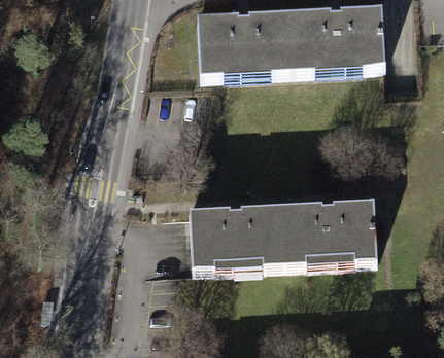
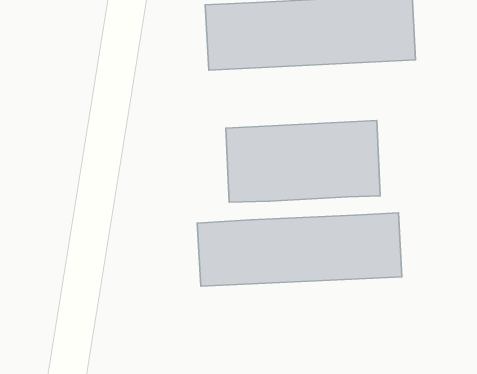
building: none -> [226,121,380,202]

